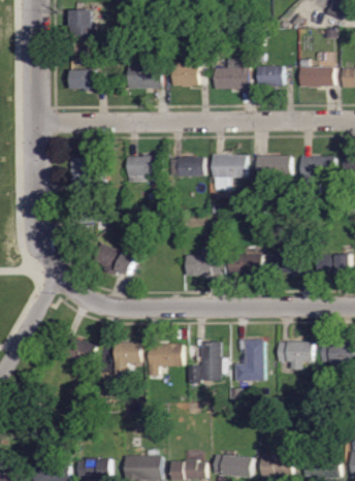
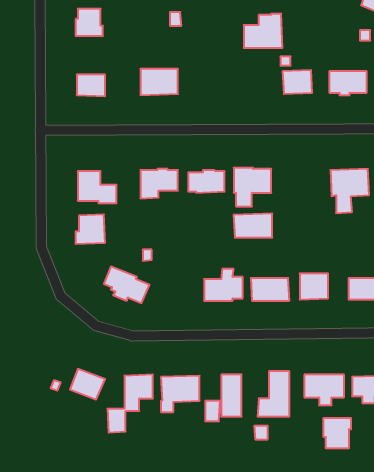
building: [215,58,250,89] -> [244,14,282,48]
building: [172,66,198,87] -> none
building: [256,154,291,175] -> [234,214,272,238]
building: none -> [324,418,351,448]

